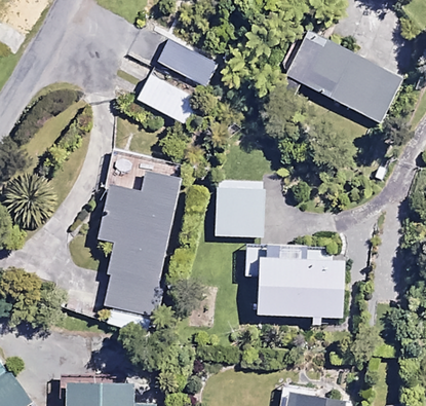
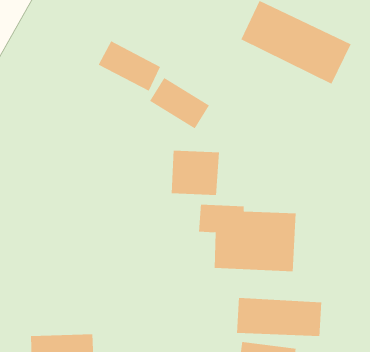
building: [154,35,218,89] -> [149,77,210,129]
building: [98,172,179,312] -> none
building: none -> [237,297,322,337]

